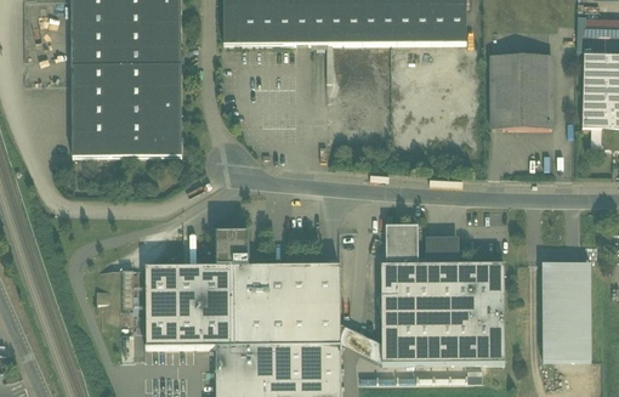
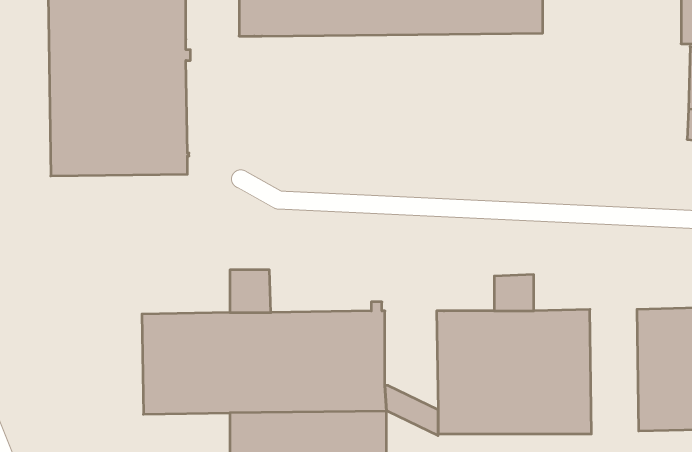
building: [492,53,552,127] -> none
building: [387,225,427,263] -> none

